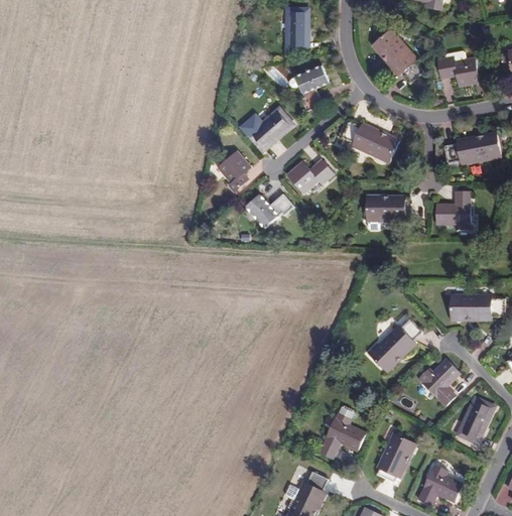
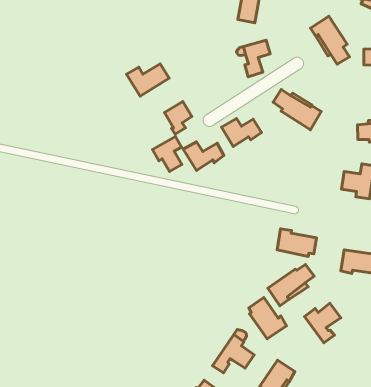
building: [242,107,292,148] -> [126,64,169,96]
building: none -> [152,137,182,171]
building: [367,196,410,223] -> [277,229,316,257]
building: none -> [249,298,286,339]
building: [458,398,492,442] -> none

